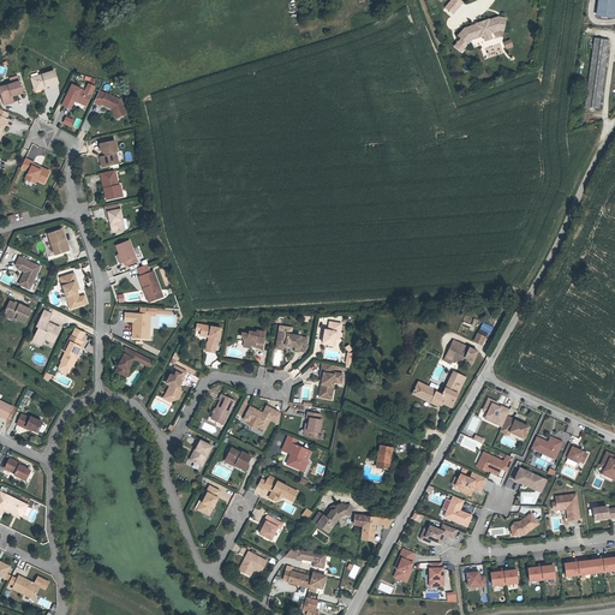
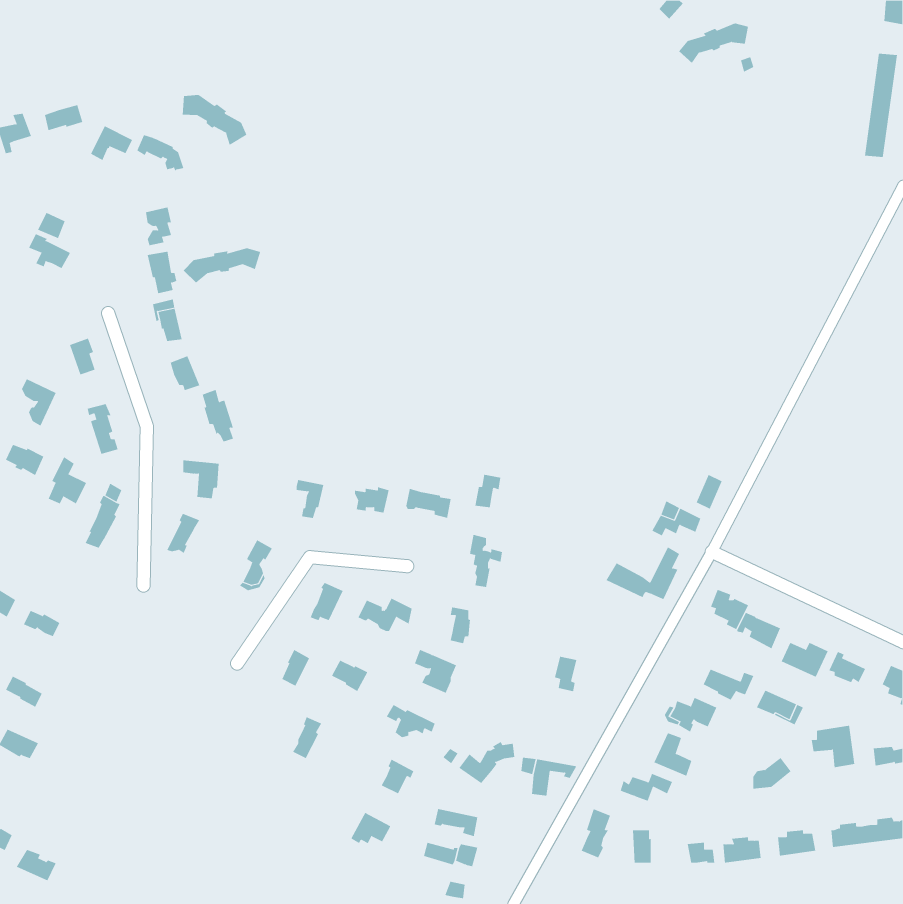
building: none -> [182,94,247,146]
building: none -> [183,247,261,283]

